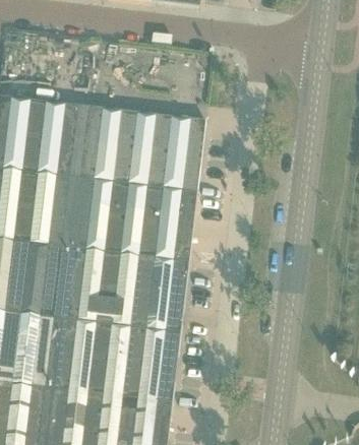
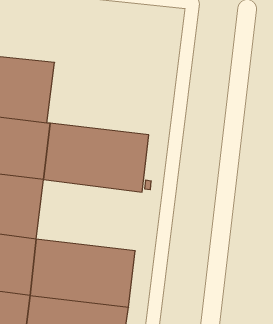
building: [73,104,205,191] -> none
building: [60,245,188,331] -> none

